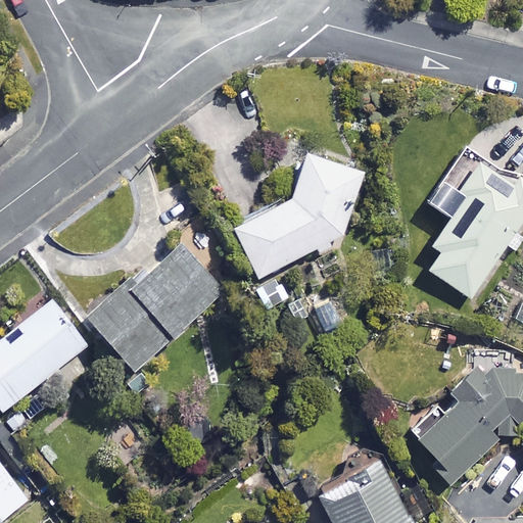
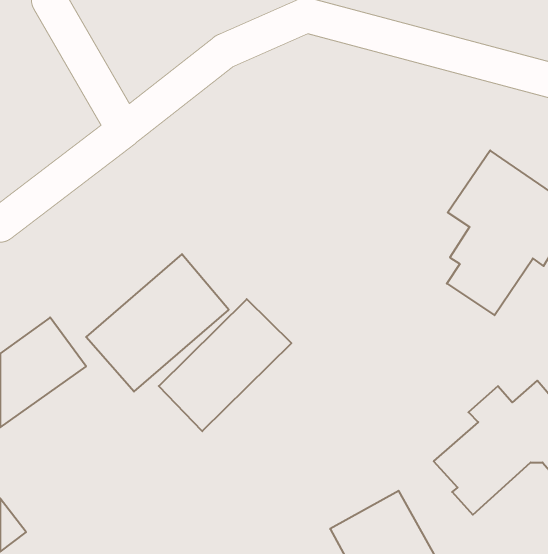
building: [232,152,366,275] -> none
building: none -> [159,299,291,431]

